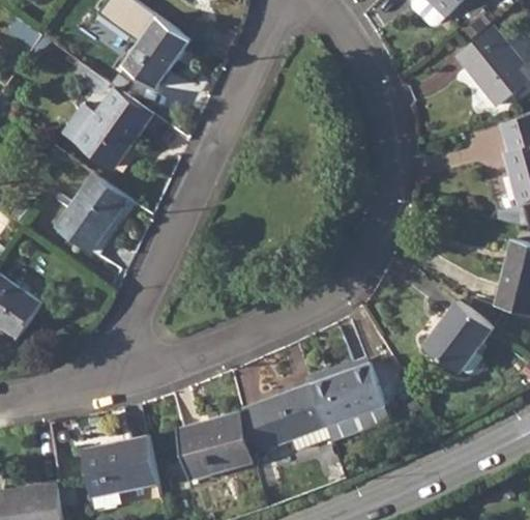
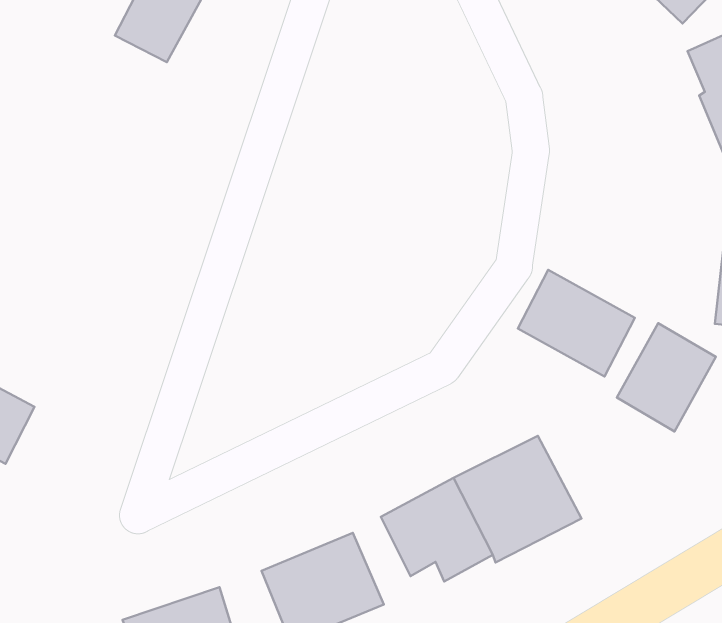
building: [62,87,151,167] -> none
building: [55,172,127,251] -> none
building: none -> [518,270,635,376]

